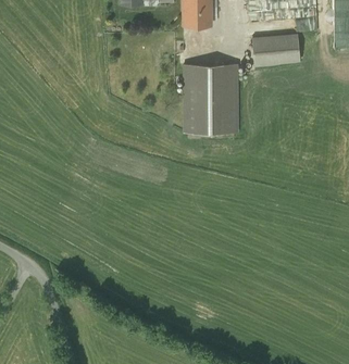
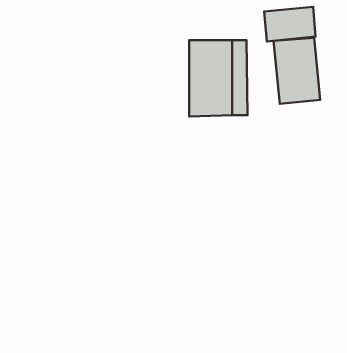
building: none -> [274,38,320,104]

